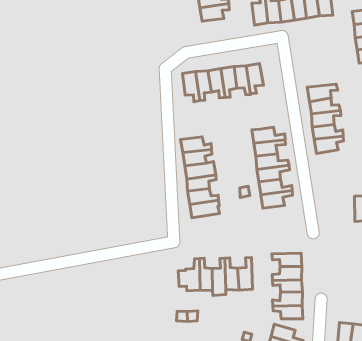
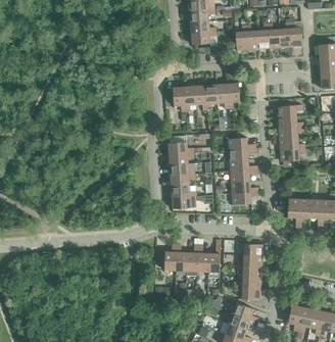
building: none -> [287,198,310,227]

